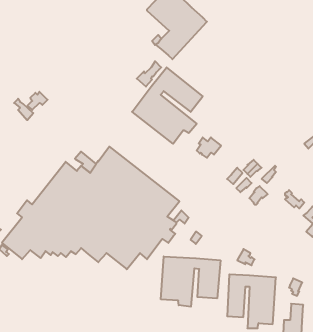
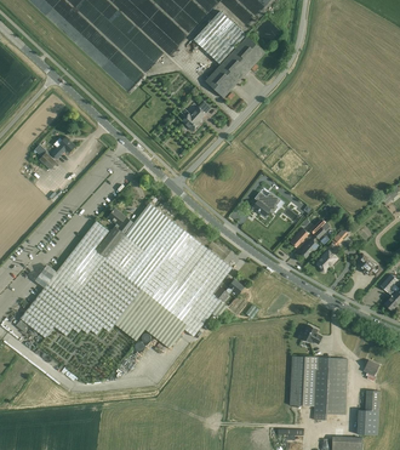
building: [132,67,203,144] -> none
building: [161,256,220,307] -> none

